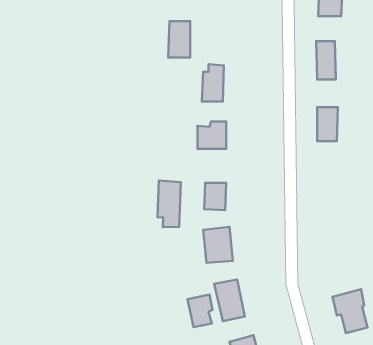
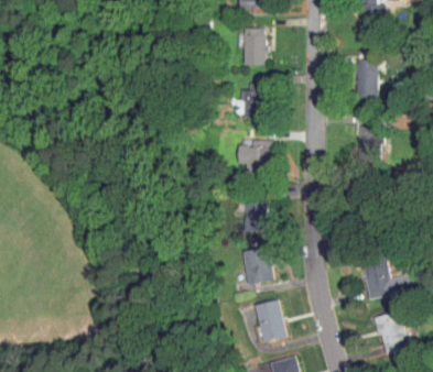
building: [168,21,190,57] -> [242,30,264,66]
building: [158,180,181,227] -> none
building: none -> [361,259,402,299]
building: [188,295,213,327] -> none

